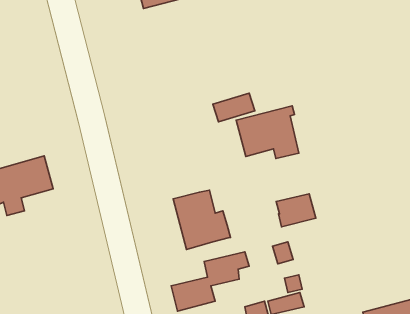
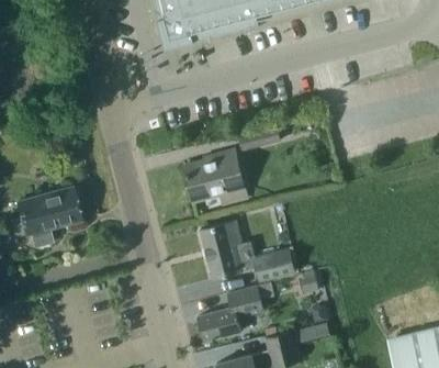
building: [236,106,299,159] -> [183,152,246,204]
building: [276,194,316,227] -> [254,248,293,281]

